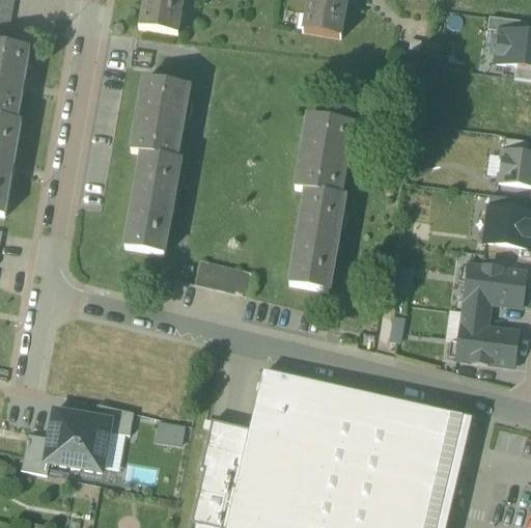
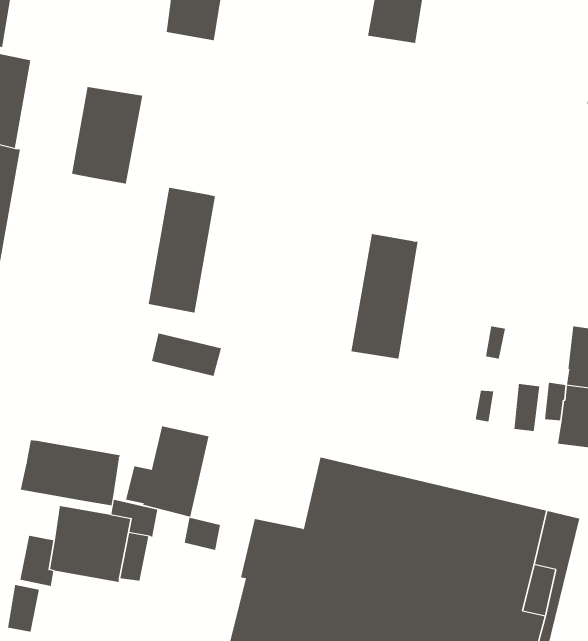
building: [131,79,189,158] -> [71,87,143,184]
building: [295,115,352,195] -> none
building: [195,261,252,297] -> [151,333,222,377]
building: none -> [514,383,540,432]
building: none -> [126,425,209,517]
building: none -> [20,439,121,506]
building: none -> [7,584,40,632]

